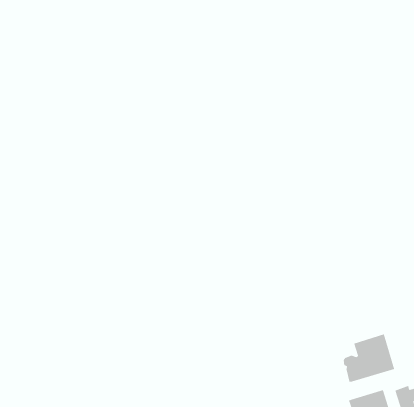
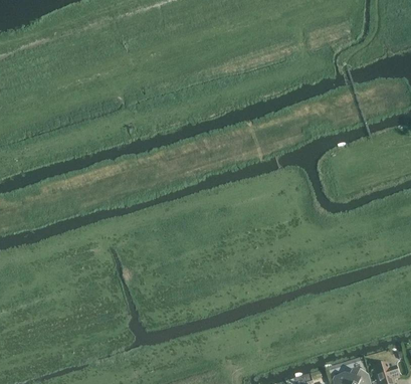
building: [343,333,395,383] -> none

